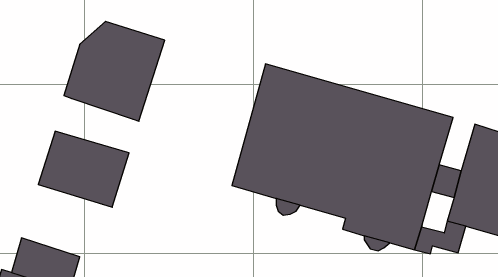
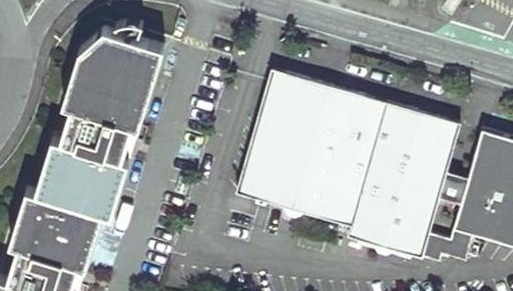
building: none -> [63,103,135,157]
building: none -> [12,189,104,266]

